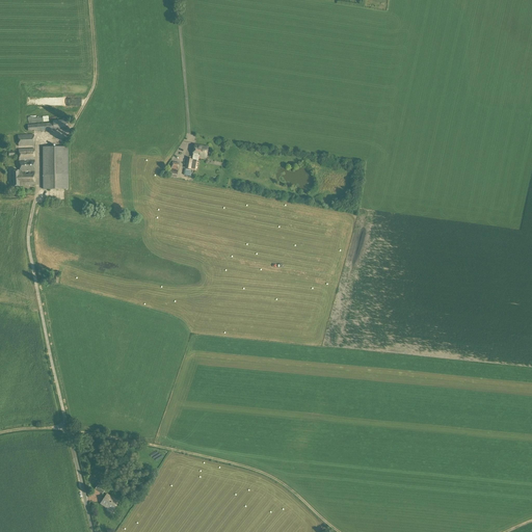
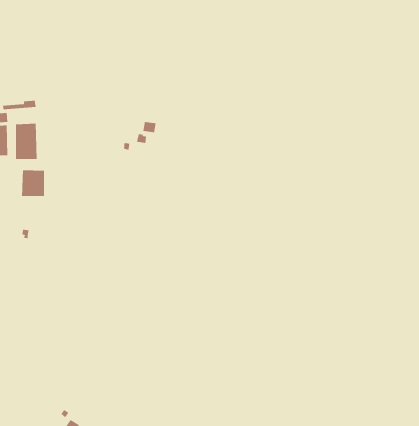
building: none -> [21,170,45,197]

